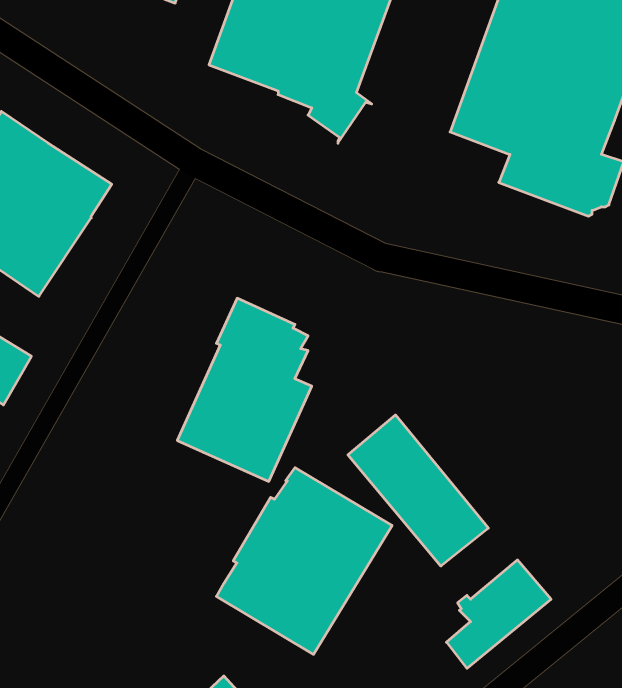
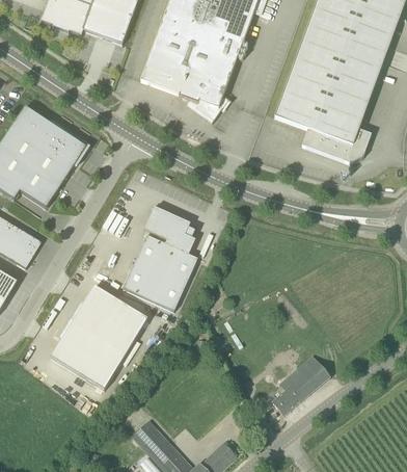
building: [348,415,488,566] -> none
building: [216,468,392,654] -> [50,287,147,391]

